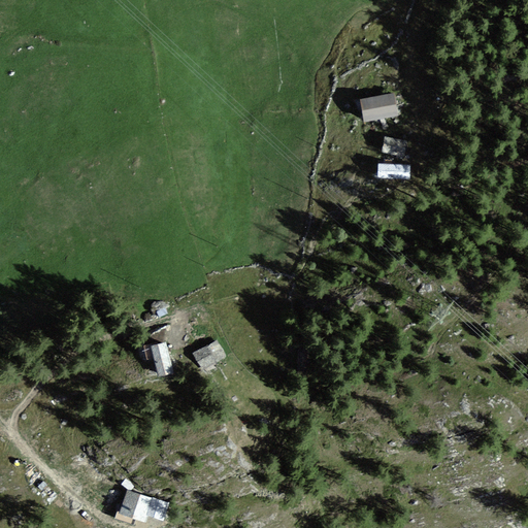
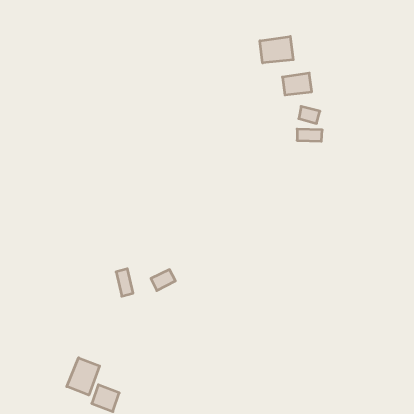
building: none -> [260,36,293,63]
building: none -> [67,358,100,395]

